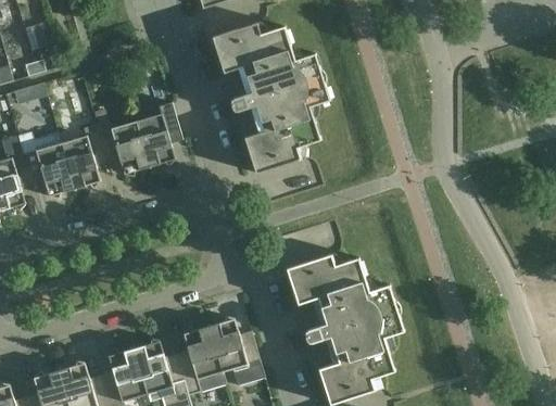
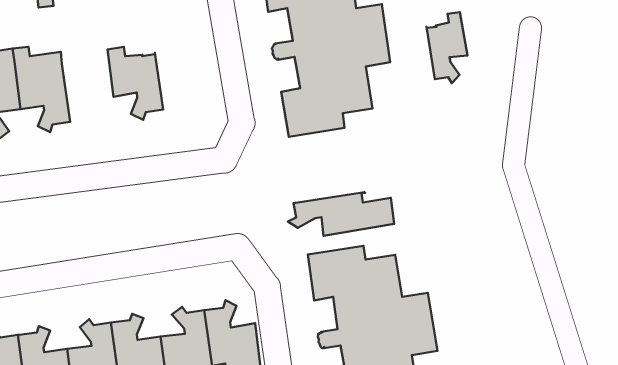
building: none -> [427,12,468,83]
building: [134,103,180,167] -> none
building: [59,125,105,189] -> none
building: none -> [288,192,394,236]

